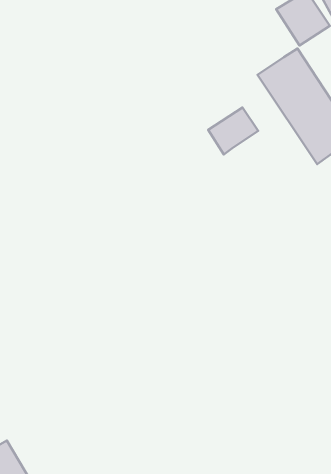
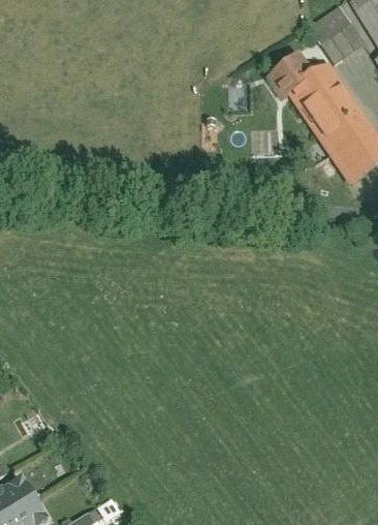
building: [208,107,258,154] -> [264,48,317,97]

